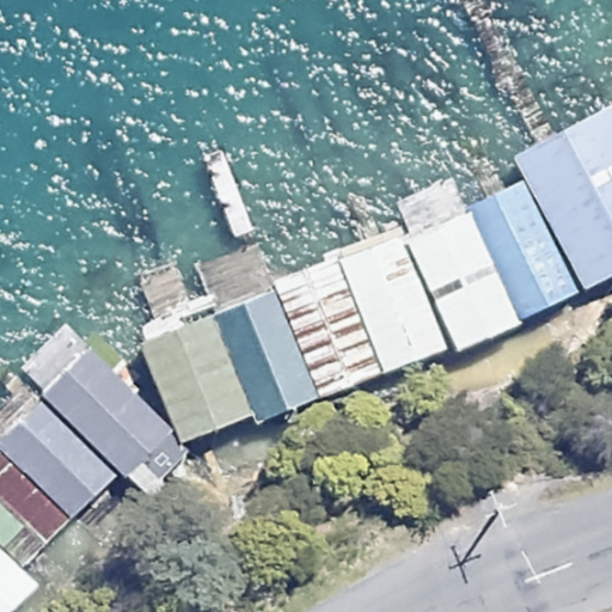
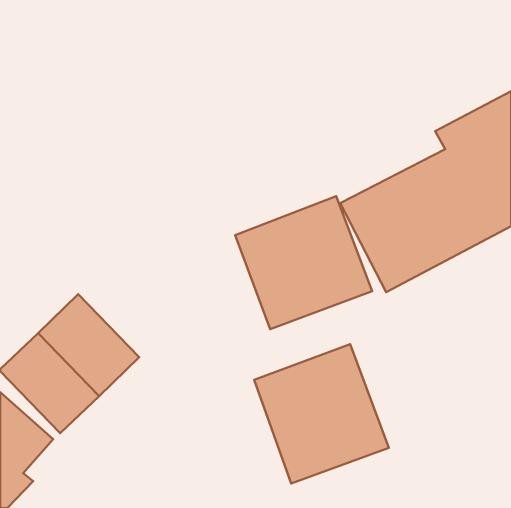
building: [145,243,313,440] -> none
building: none -> [254,344,389,483]

